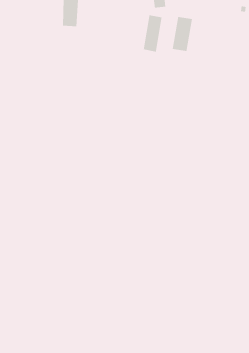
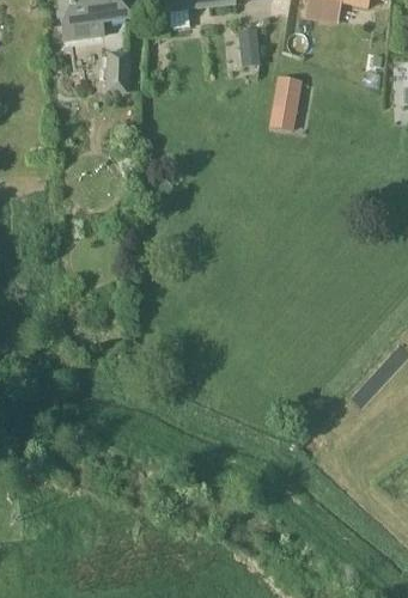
building: [143,14,162,52] -> none

